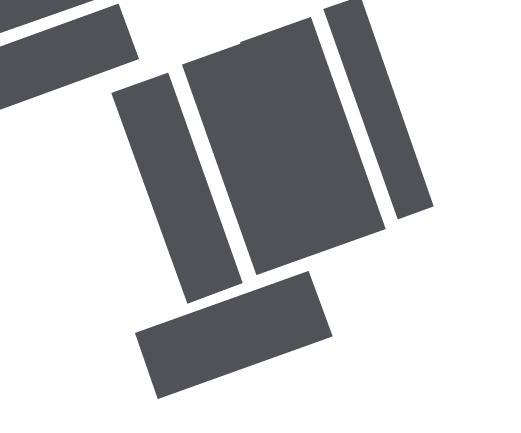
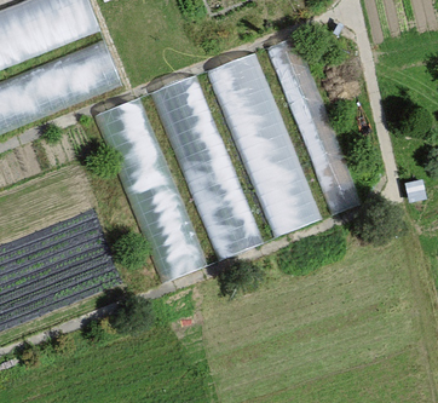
building: [134,270,334,400] -> none

